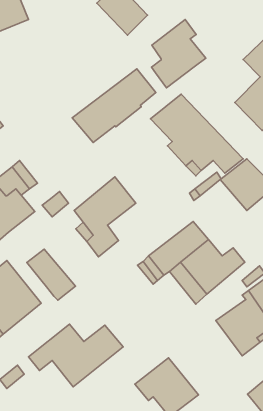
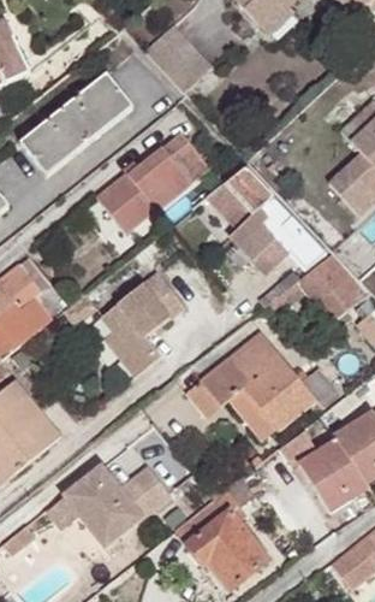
building: [151,20,206,88] -> none
building: none -> [22,72,135,175]
building: [27,249,76,300] -> none

